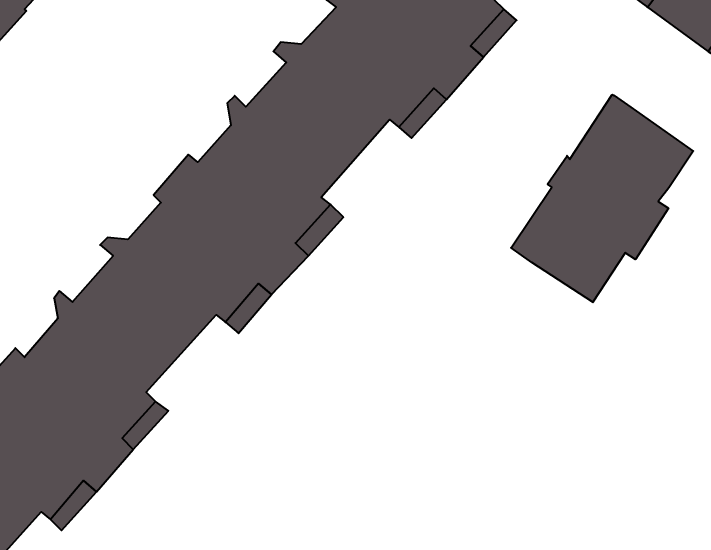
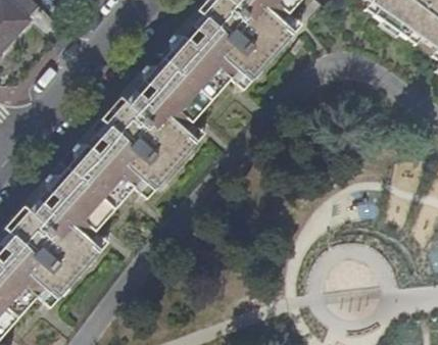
building: [511,95,693,302] -> none

